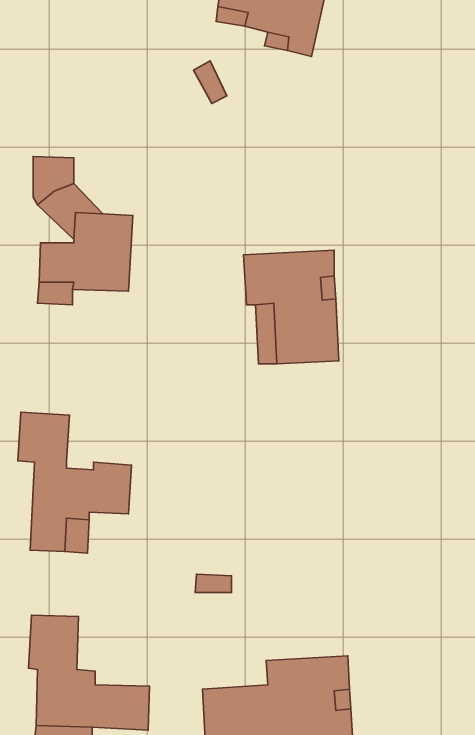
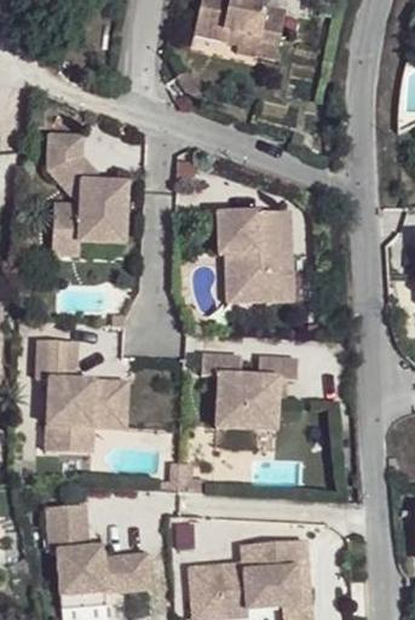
building: none -> [203,360,300,436]

